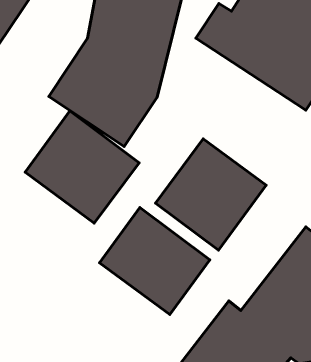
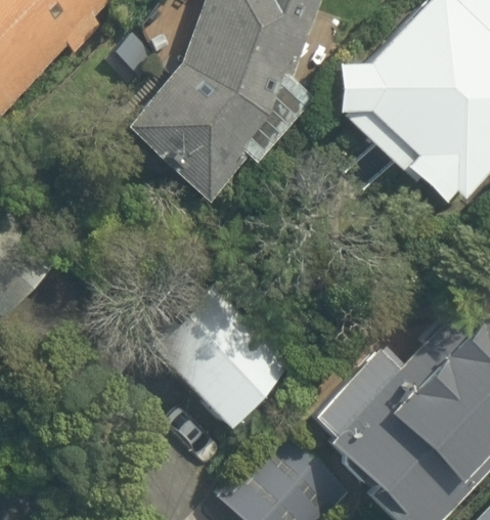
building: [25,111,139,223] -> none
building: [156,139,266,250] -> none

